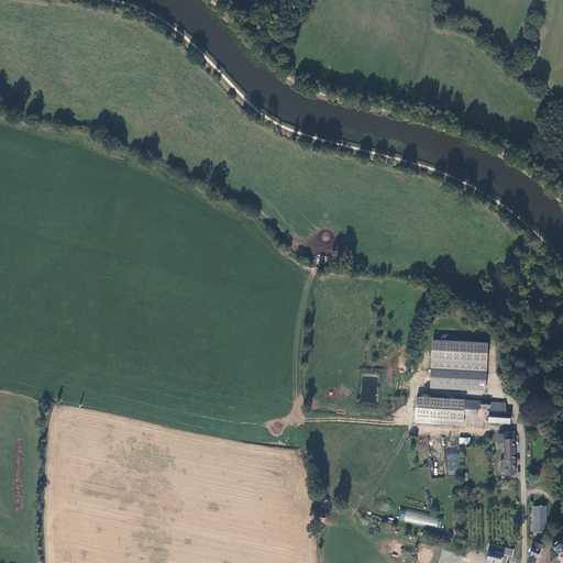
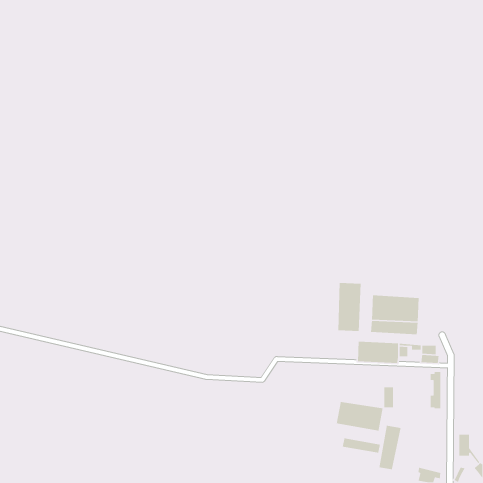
building: none -> [338,282,361,332]
building: none -> [336,401,384,432]
building: none -> [379,425,401,470]

